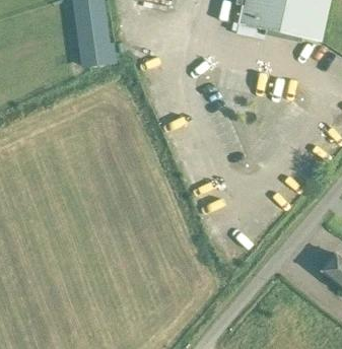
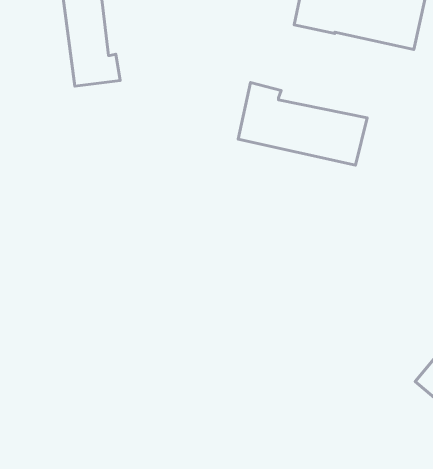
building: none -> [238,83,367,165]

